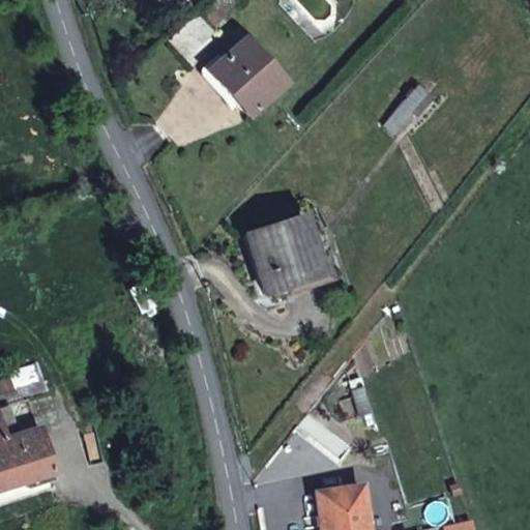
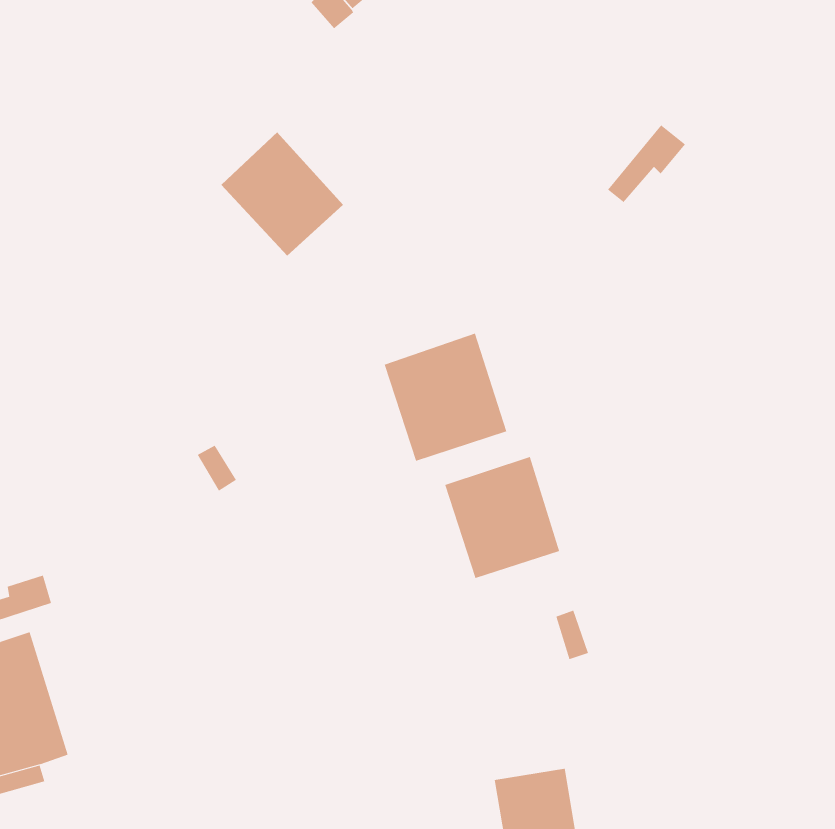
building: [210,37,287,115] -> [220,131,344,257]
building: none -> [444,456,560,579]

